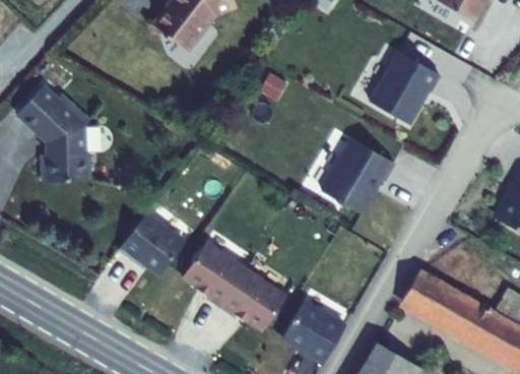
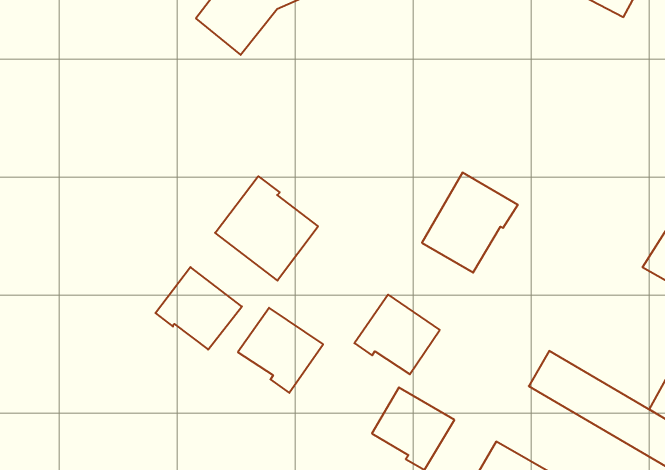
building: [371,51,441,124] -> none
building: [15,86,91,181] -> none
building: none -> [215,176,318,281]
building: [223,267,287,327] -> [354,295,440,374]

